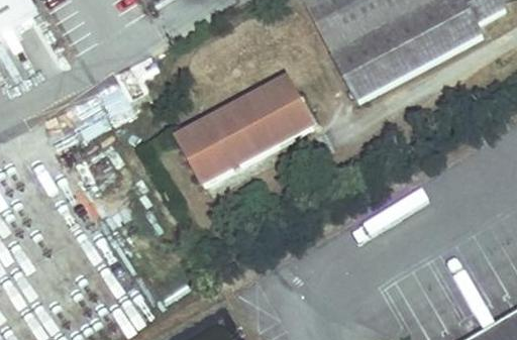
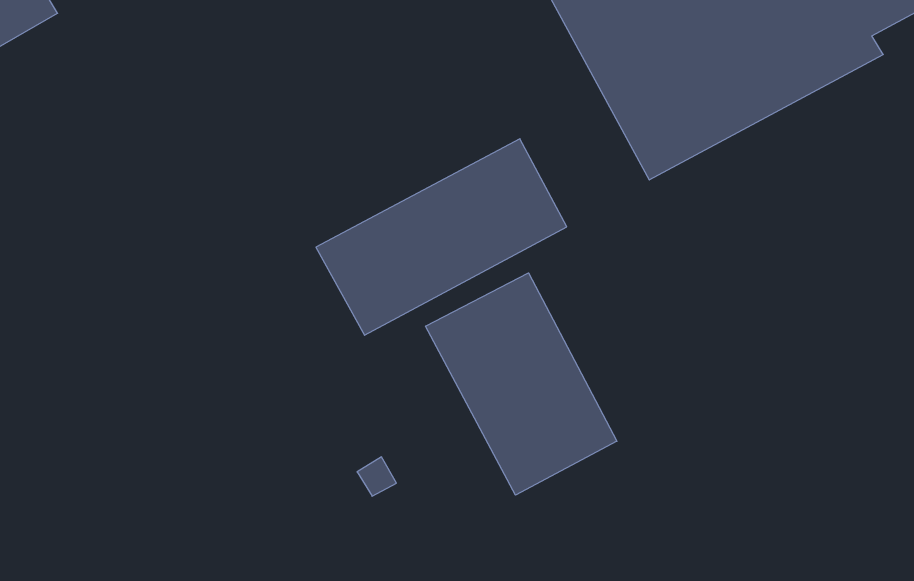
building: none -> [426,273,617,495]

